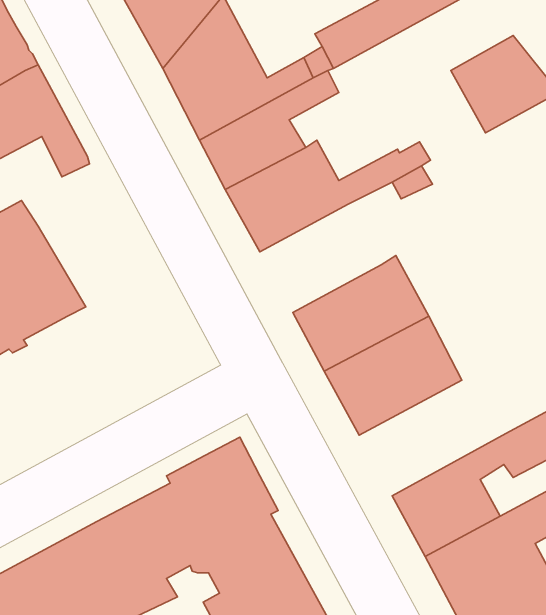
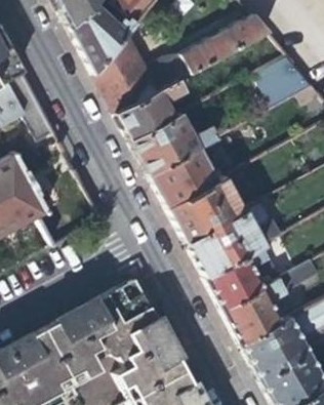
building: none -> [150,147,217,207]
building: none -> [205,245,287,310]

